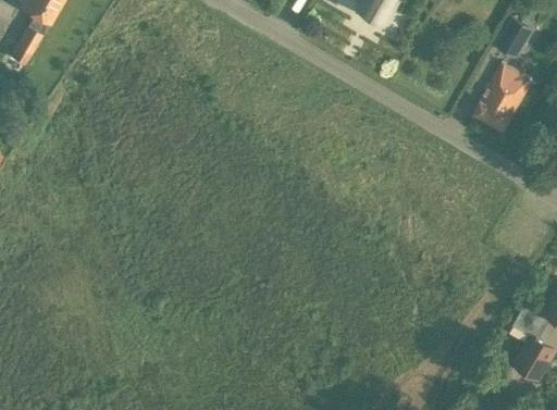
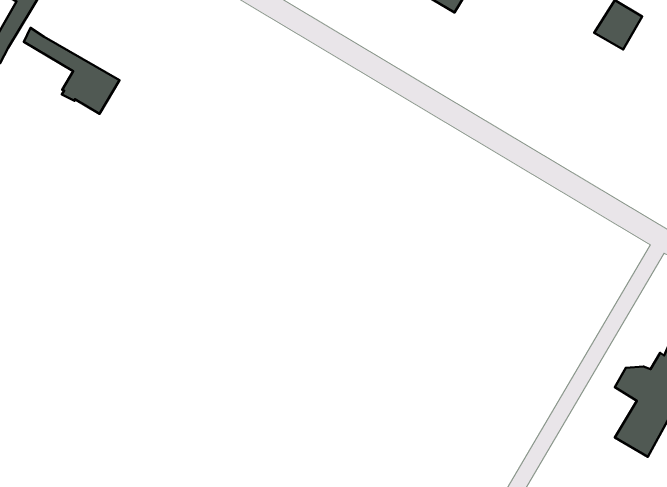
building: none -> [24,28,119,114]
building: [472,66,530,134] -> none

